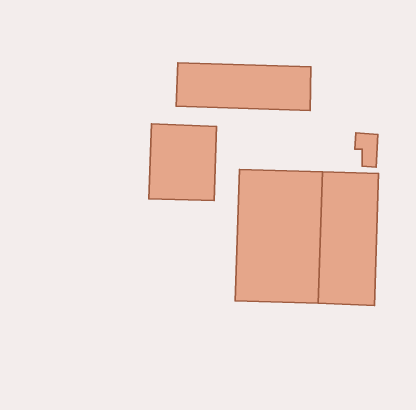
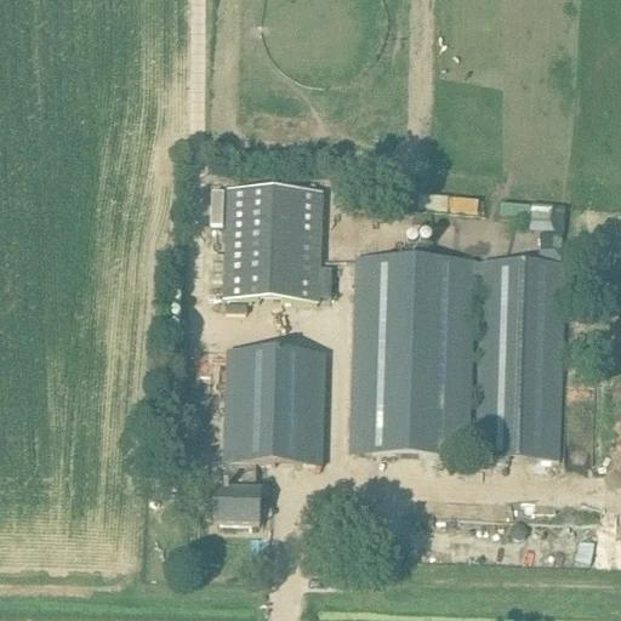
building: [176,63,311,110] -> none
building: none -> [216,346,325,522]

